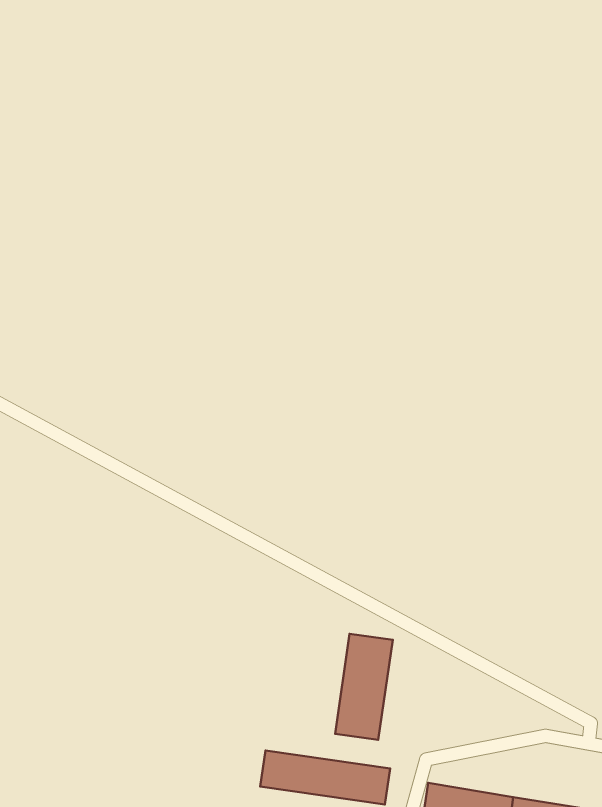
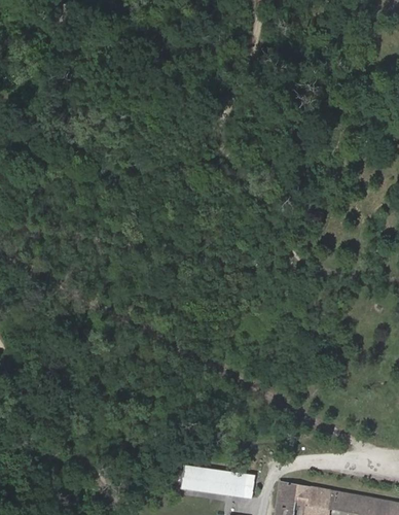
building: [335,634,393,740] -> none

